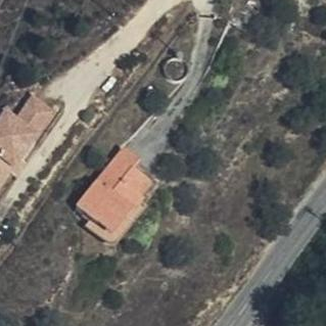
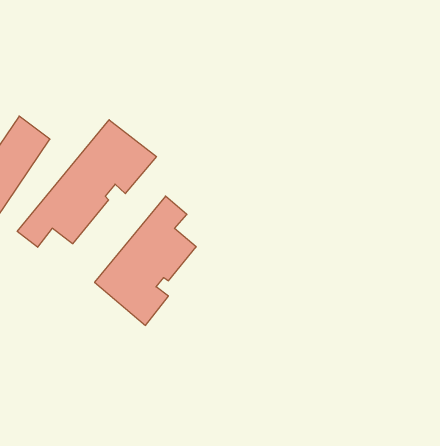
building: none -> [17,120,156,247]

